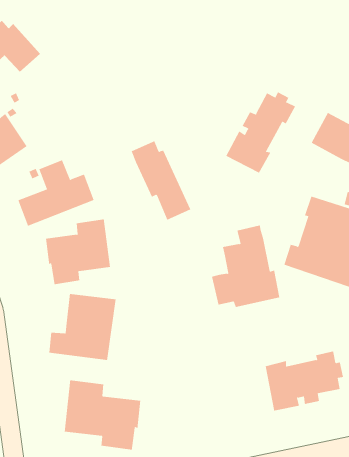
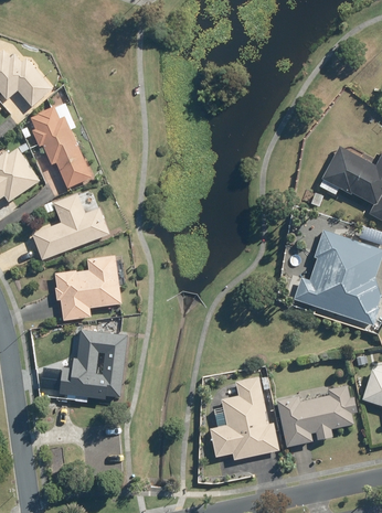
building: [226,91,296,173] -> none
building: [131,140,191,221] -> [30,107,91,188]
building: [211,225,280,307] -> [210,377,279,460]
building: [64,379,141,451] -> none

